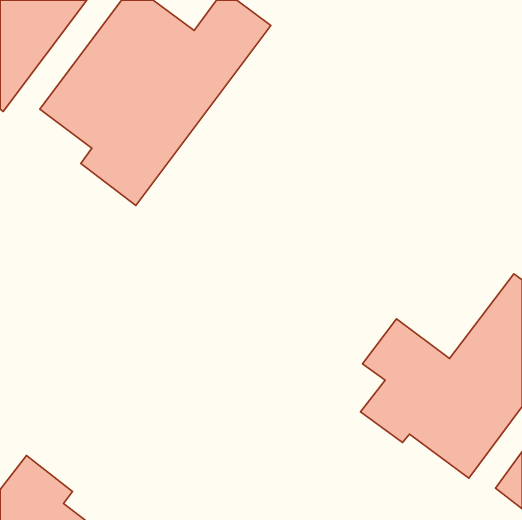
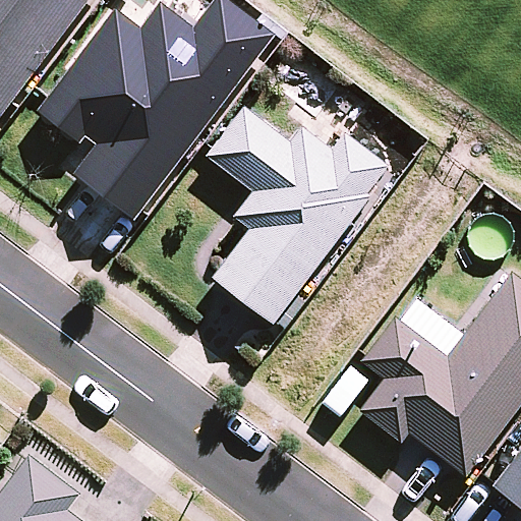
building: none -> [212,105,390,316]

